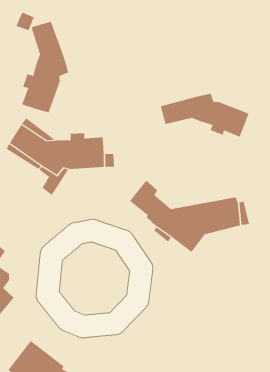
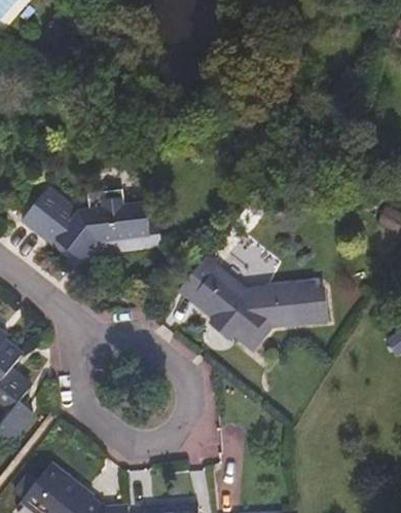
building: [21,21,69,113] -> none
building: [160,93,249,137] -> none

